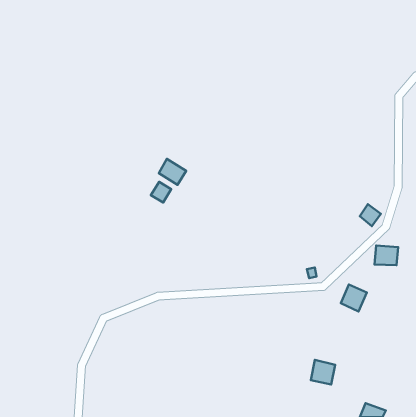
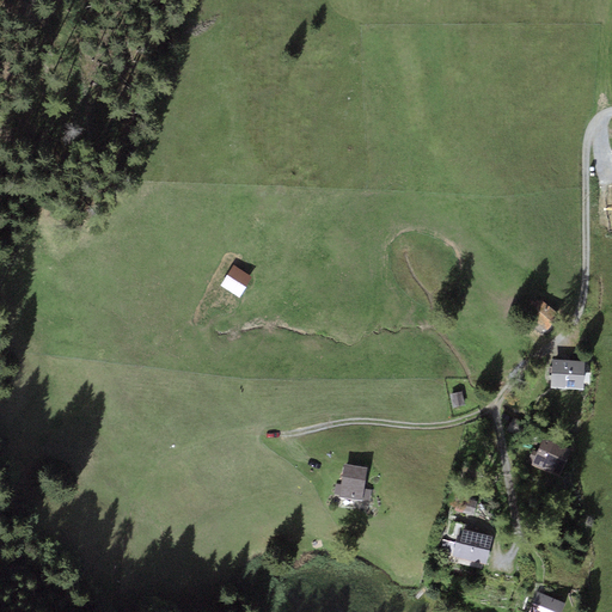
building: [159,159,186,185] -> none
building: [341,284,367,311] -> [532,437,570,477]
building: none -> [338,465,367,501]

